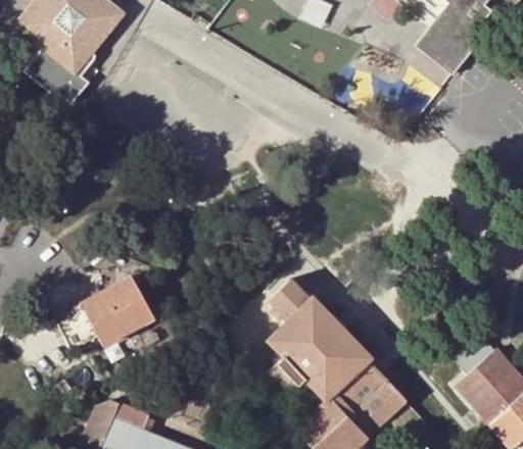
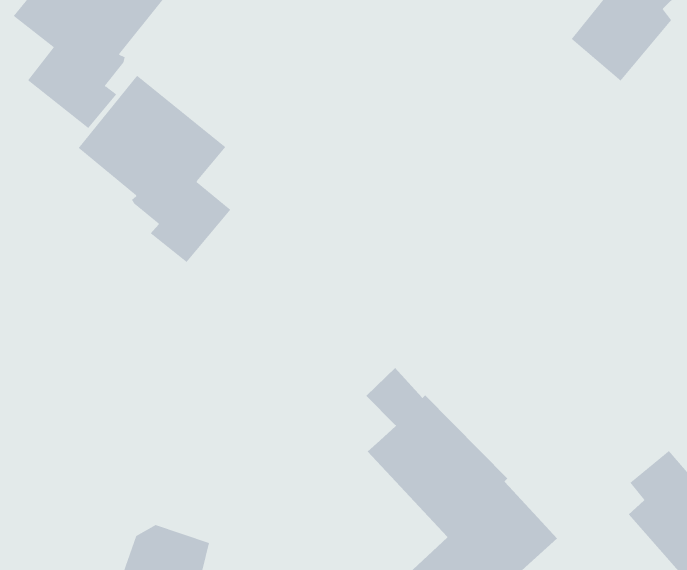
building: none -> [78,75,231,263]
building: [59,276,154,349] -> none

